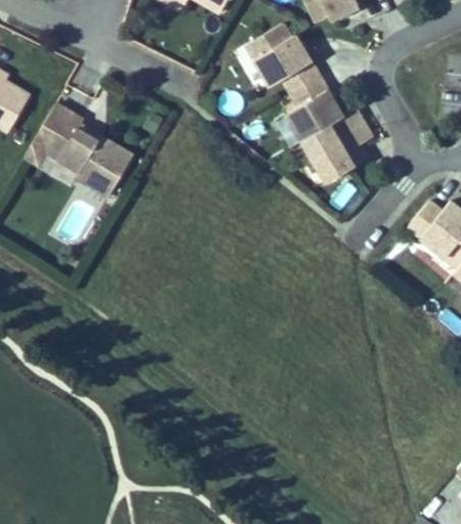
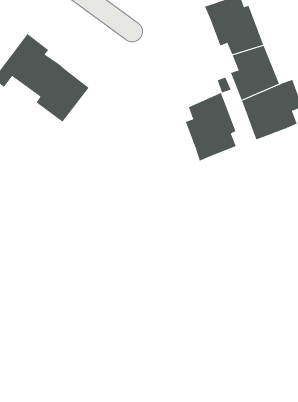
building: none -> [185,92,237,161]

